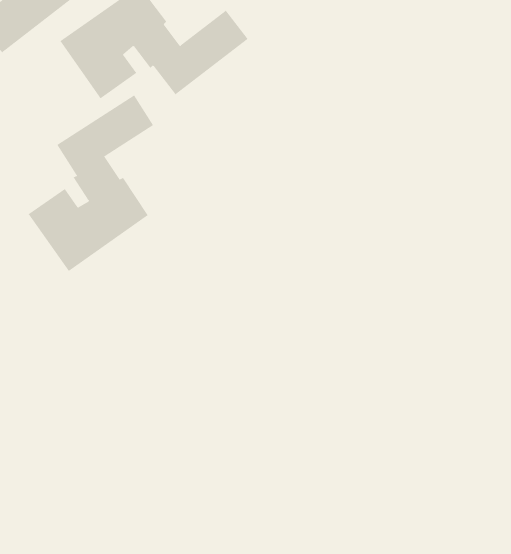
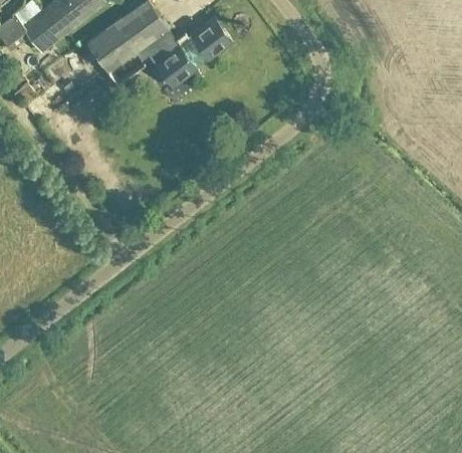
building: [28,95,154,272] -> none

